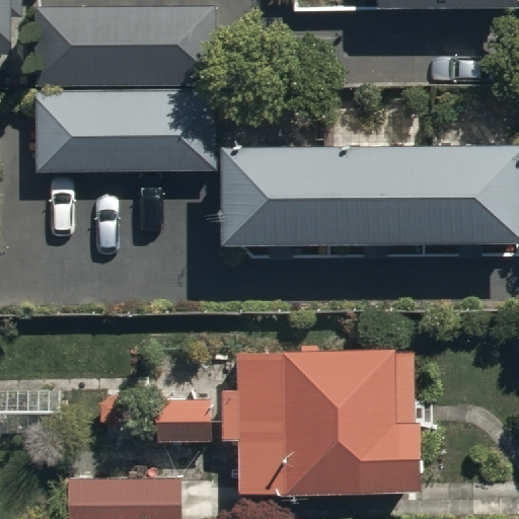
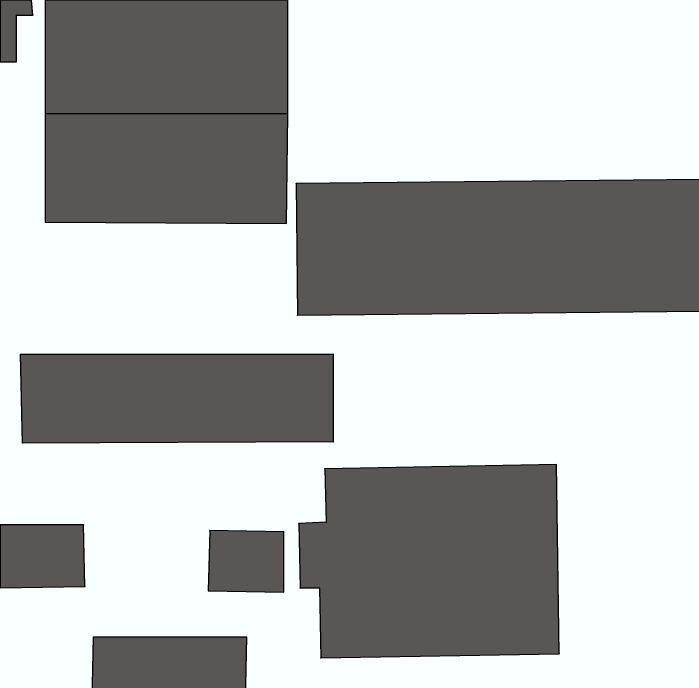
building: none -> [21,354,333,443]

